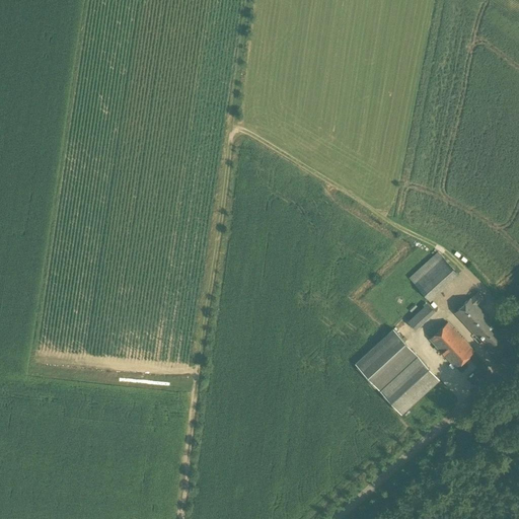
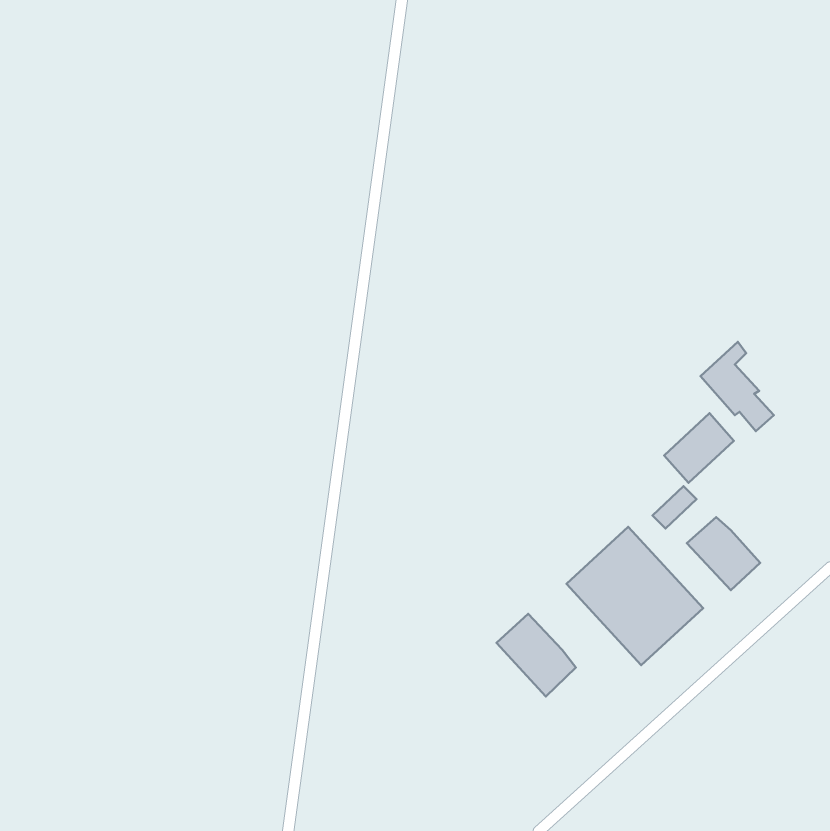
building: [453,290,499,346] -> [701,342,774,431]
building: none -> [496,614,576,696]

